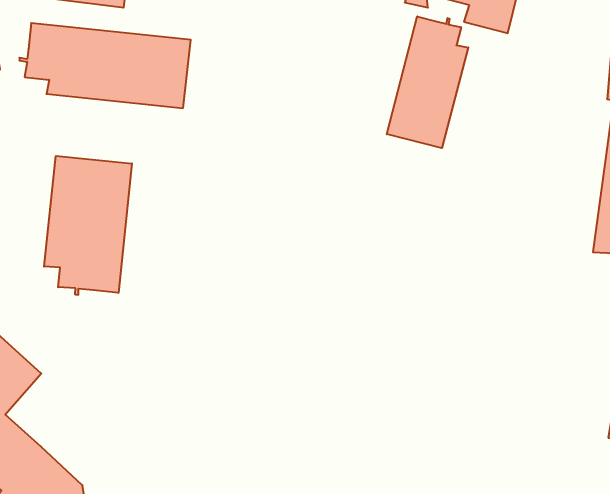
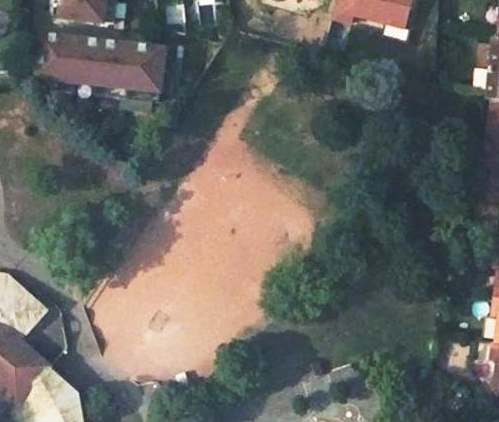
building: [387,16,468,148] -> none
building: [44,156,132,295] -> none

